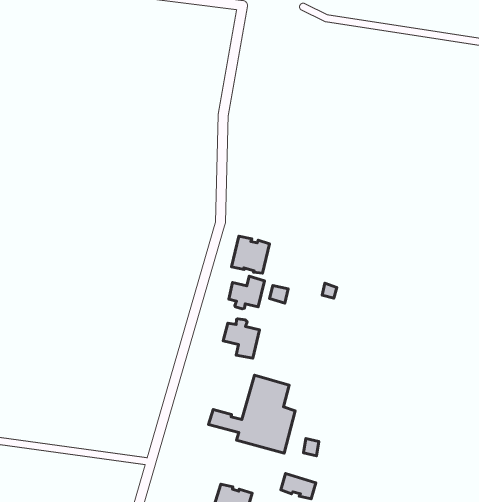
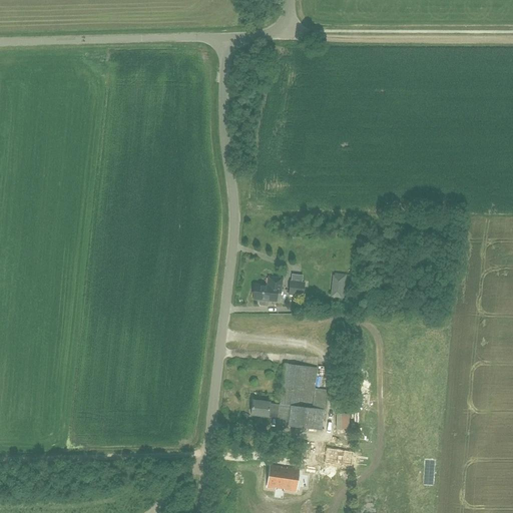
building: [231,236,270,273] -> none
building: [223,319,260,358] -> none

